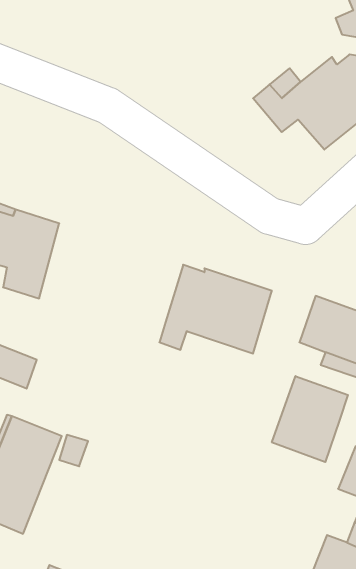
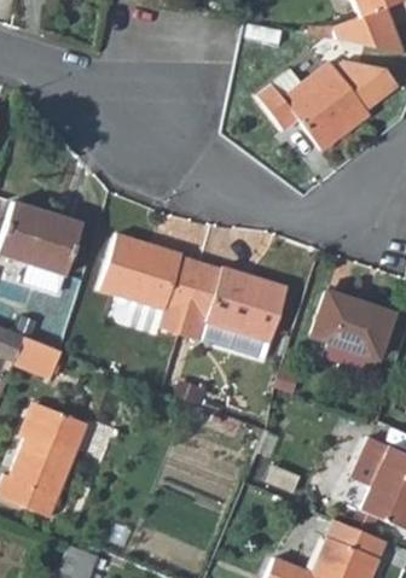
building: none -> [99,230,199,315]
building: [272,376,348,462] -> none

